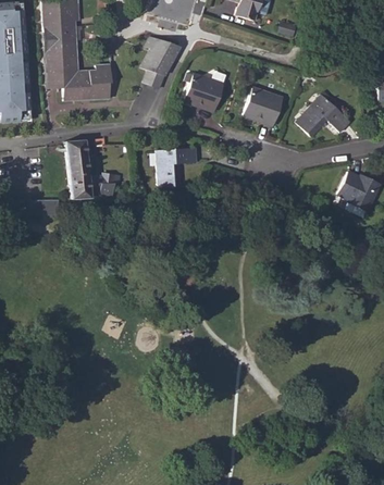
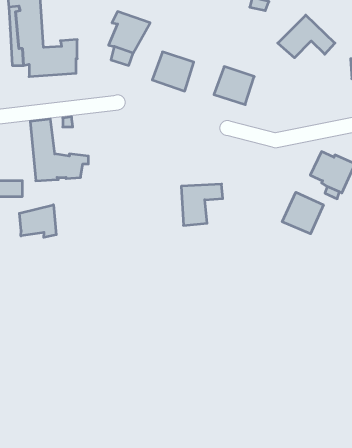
building: [295,95,350,136] -> [278,15,335,58]
building: [157,148,197,188] -> [181,184,223,225]
building: none -> [282,192,323,234]
building: none -> [19,205,56,237]

